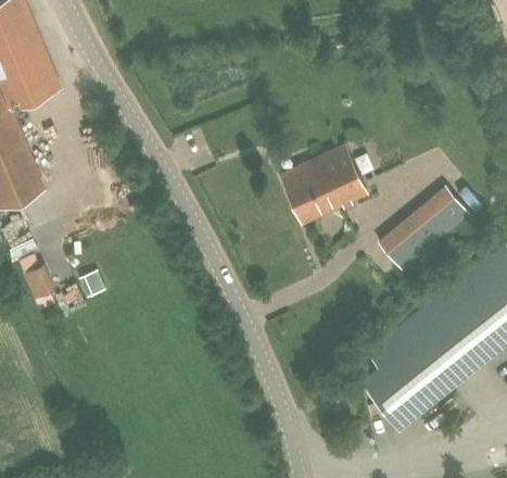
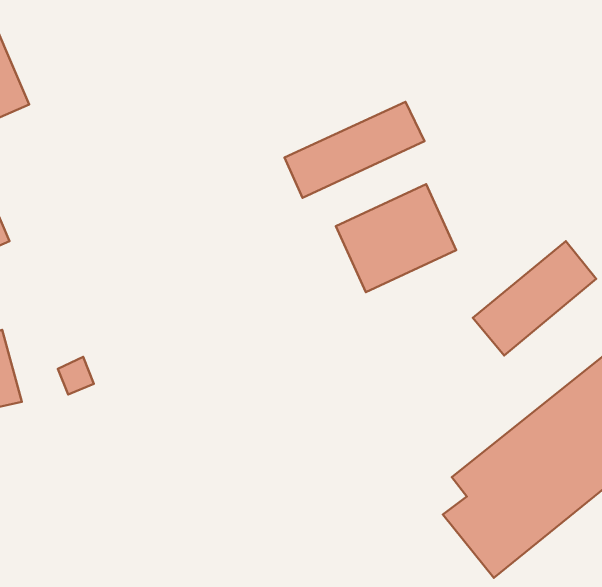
building: none -> [284,102,425,198]

